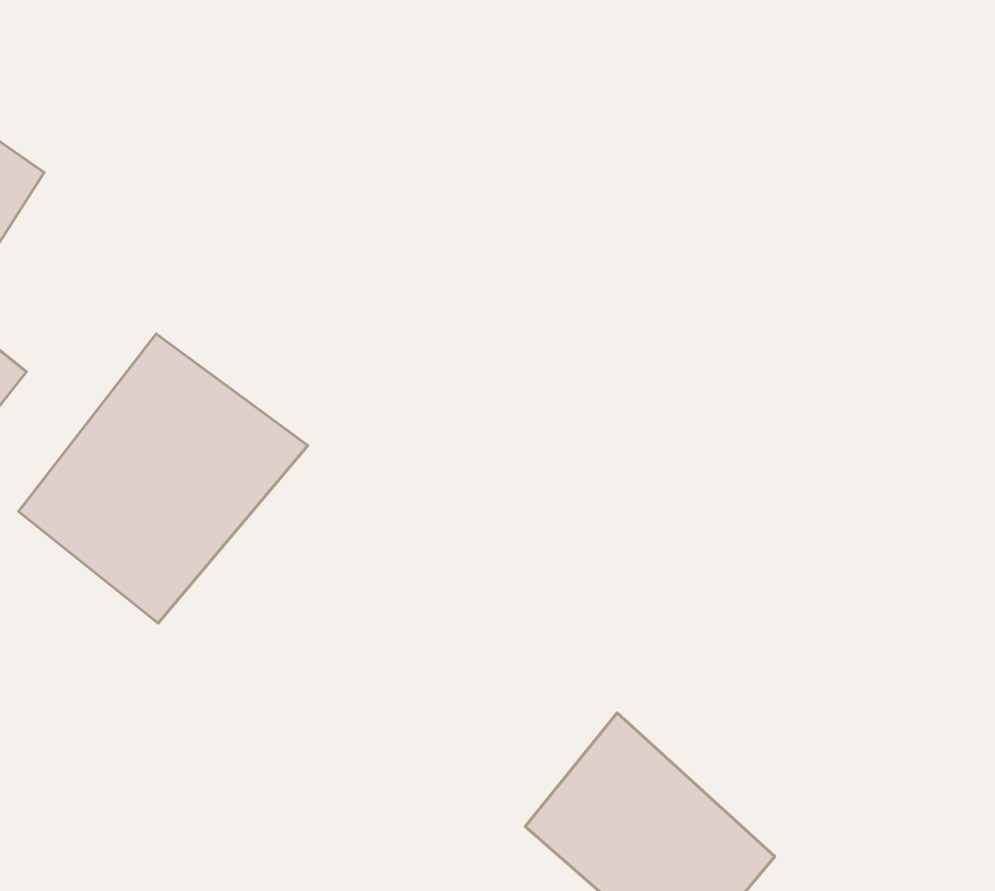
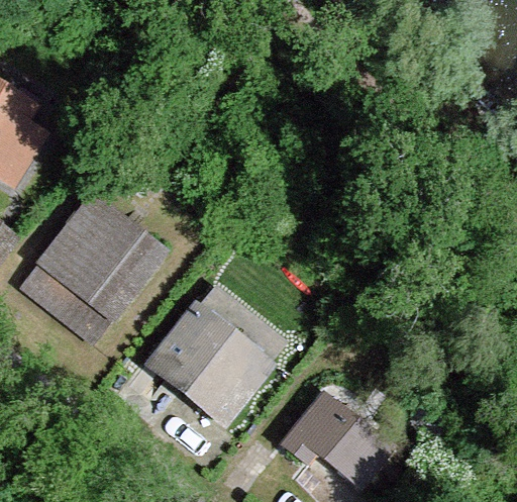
building: none -> [144,305,280,438]

